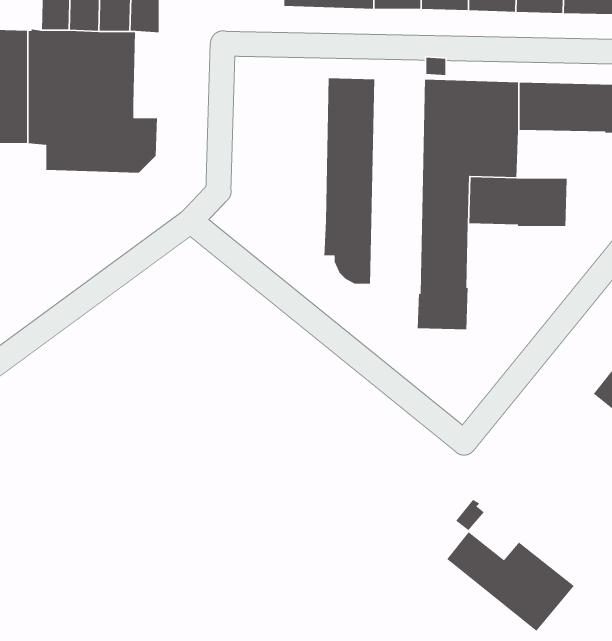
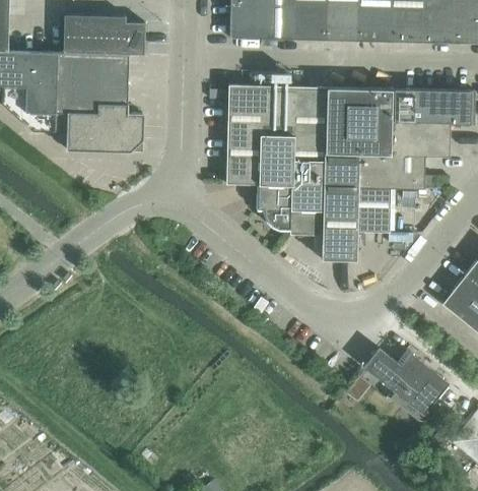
building: none -> [226,84,261,184]
building: none -> [290,86,327,234]
building: none -> [391,122,451,157]
building: none -> [356,186,391,231]
building: [446,531,575,632] -> [361,345,450,414]

